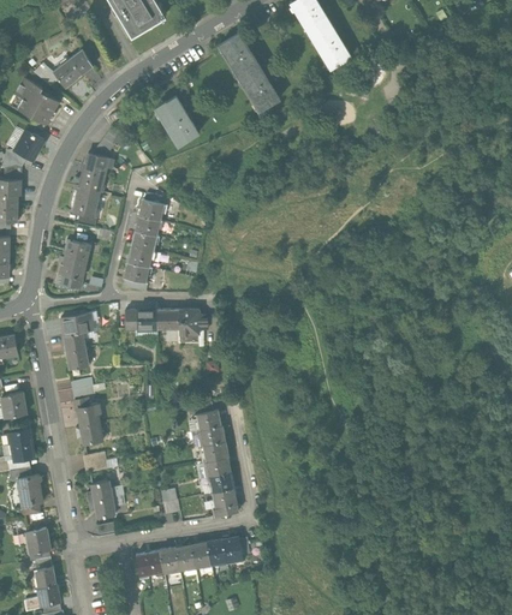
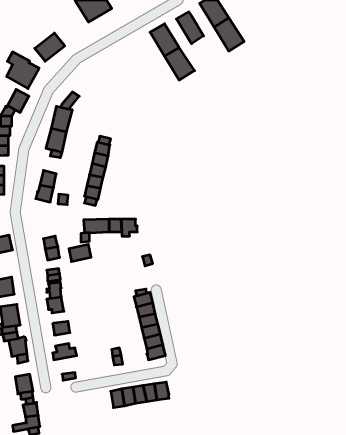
building: none -> [176,12,204,44]
building: [154,95,197,145] -> none
building: [64,312,95,336] -> [69,244,91,262]
building: [82,501,115,525] -> none
building: [136,551,166,578] -> none

